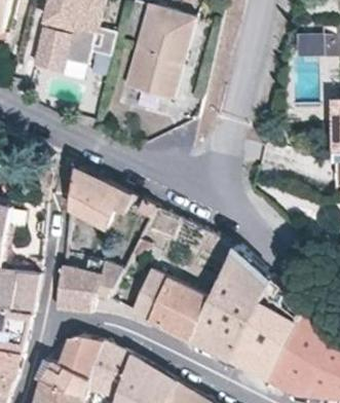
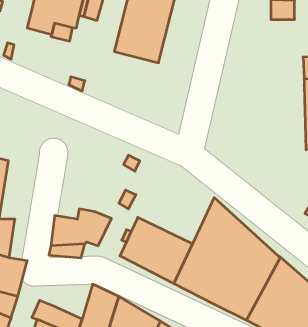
building: [69,169,129,230] -> none
building: [11,271,38,317] -> none
building: [60,336,102,380] -> none

